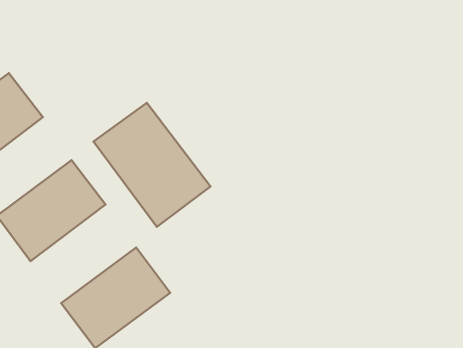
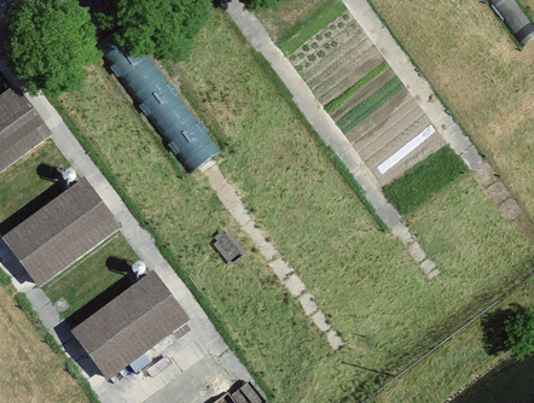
building: [93,103,210,227] -> none

